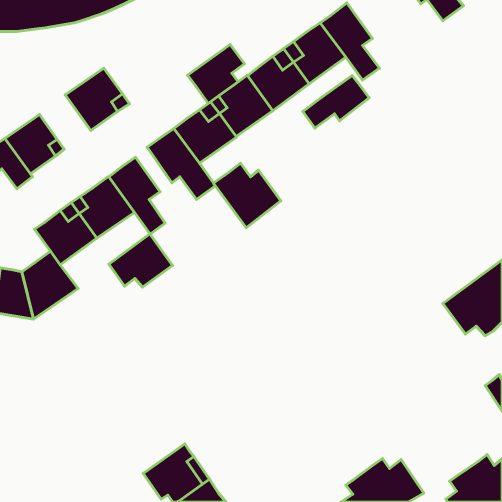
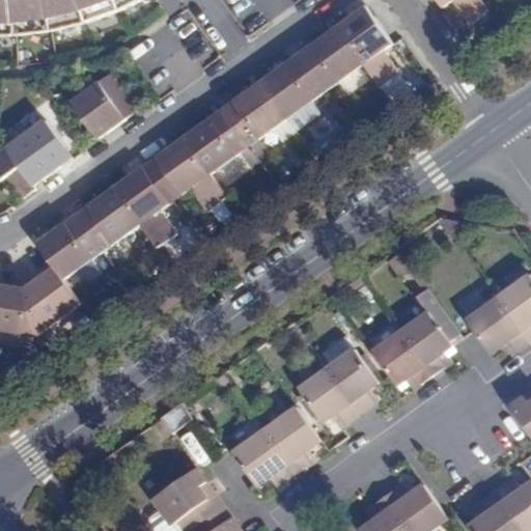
building: [188,44,245,103] -> none
building: [303,75,369,128] -> none
building: [214,163,281,228] -> none
building: [109,234,173,287] -> none
building: none -> [372,294,457,388]
building: none -> [297,348,375,425]
building: none -> [231,406,316,486]

